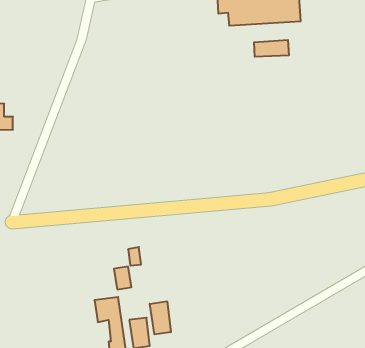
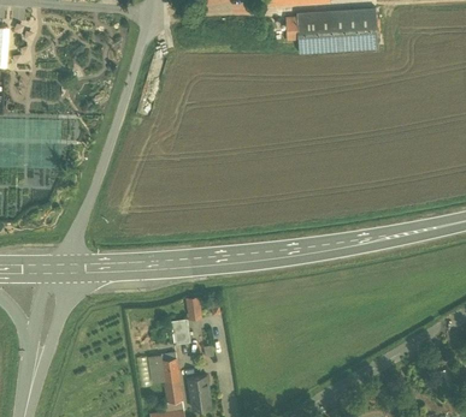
building: [254,40,289,57] -> none
building: [150,301,171,334] -> none

